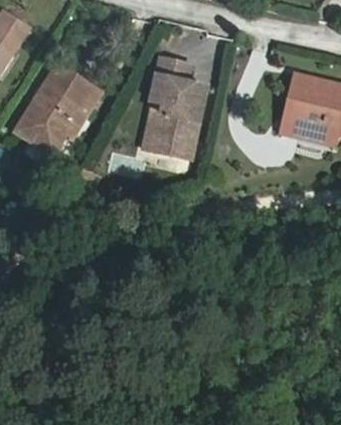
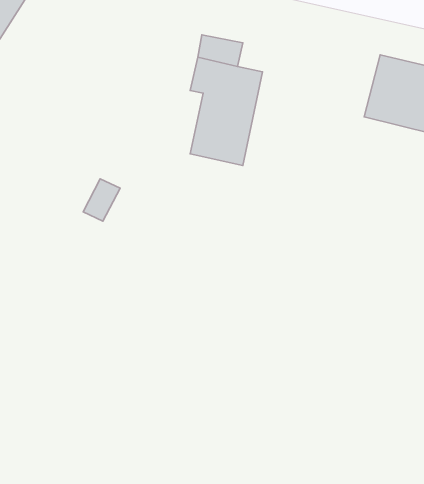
building: [15,66,101,156] -> none

